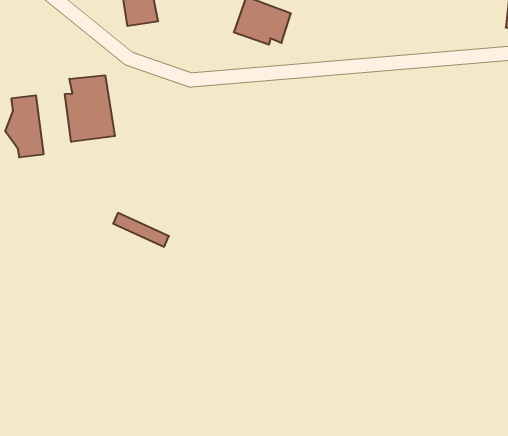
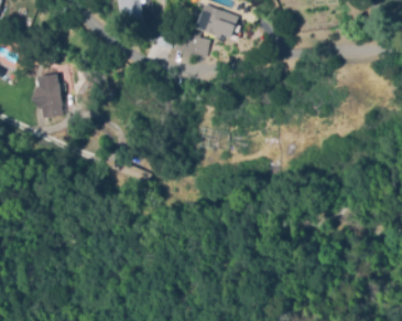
building: none -> [183,32,209,53]
building: [65,75,115,142] -> none

